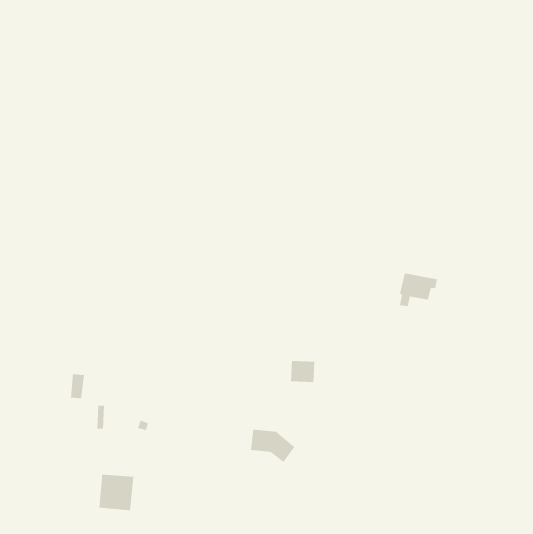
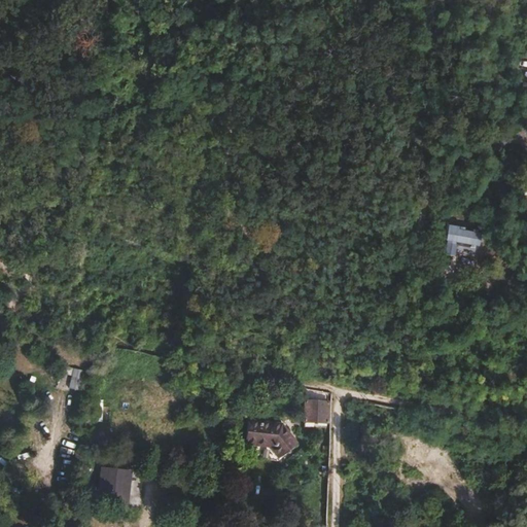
building: [399,273,438,306] -> [445,222,483,255]
building: [290,360,315,382] -> [304,401,328,423]

